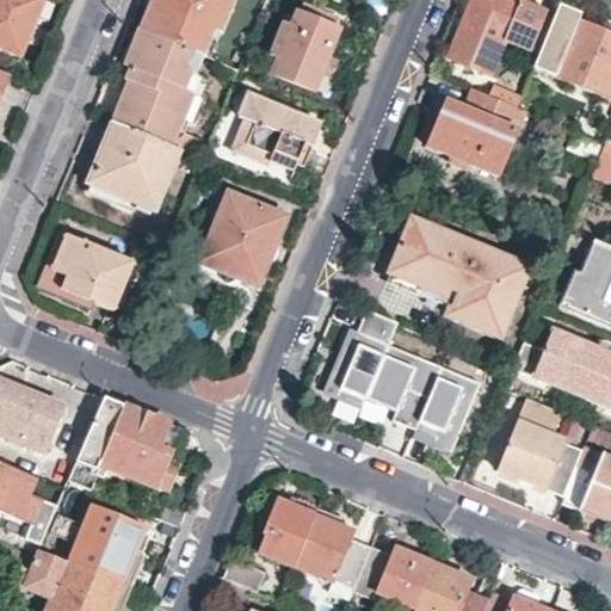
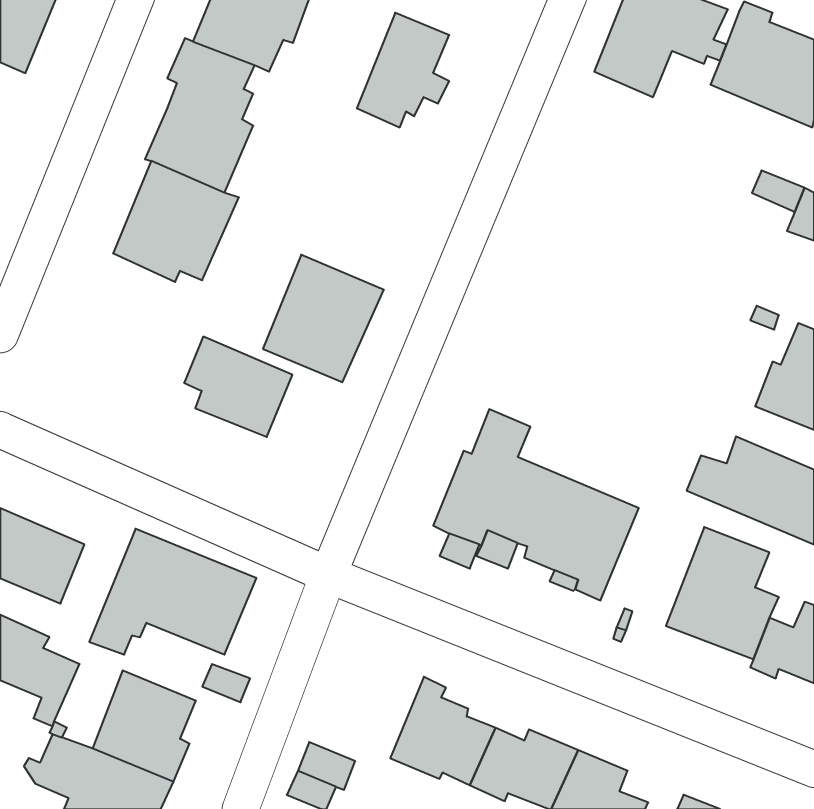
building: [422,85,520,173] -> none
building: [230,94,320,174] -> none
building: [389,217,527,327] -> none
building: [48,235,129,310] -> [184,337,292,437]
building: [259,501,317,568] -> none

